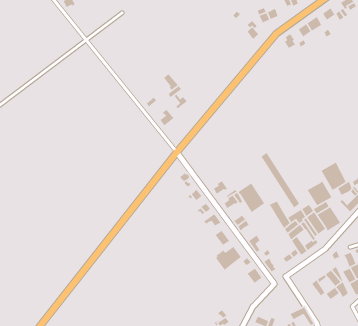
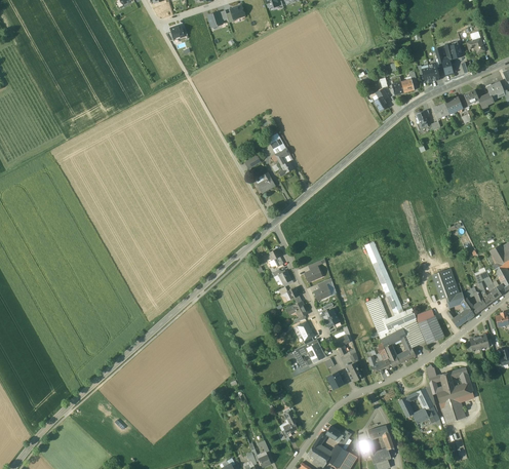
building: [306,181,332,207] -> none
building: [238,182,265,213] -> none

